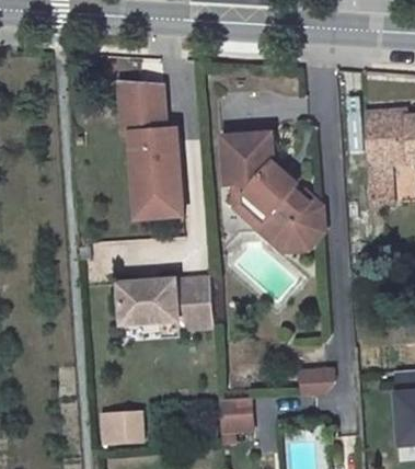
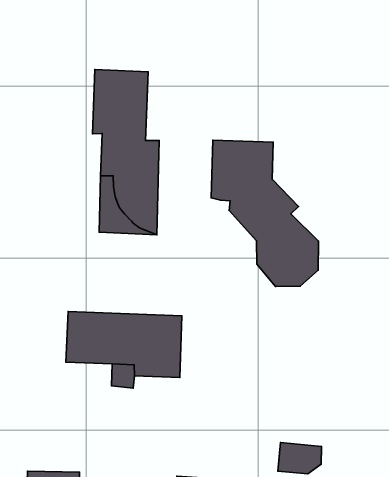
building: [231,181,322,253] -> none

